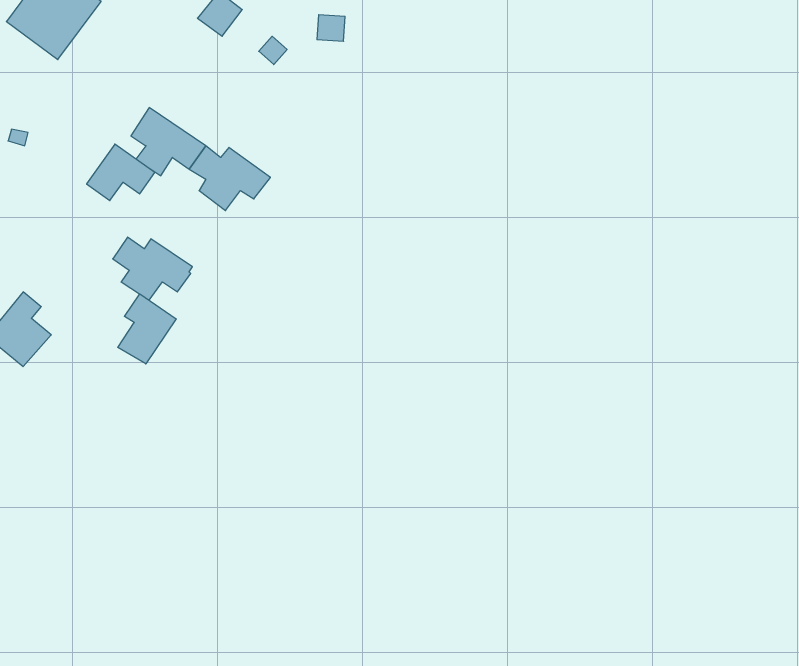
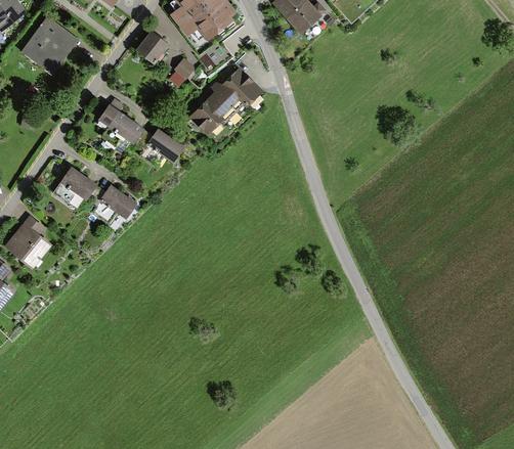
building: none -> [189,69,260,133]
building: [87,144,155,201] -> [52,167,94,201]
building: [118,294,176,364] -> none

